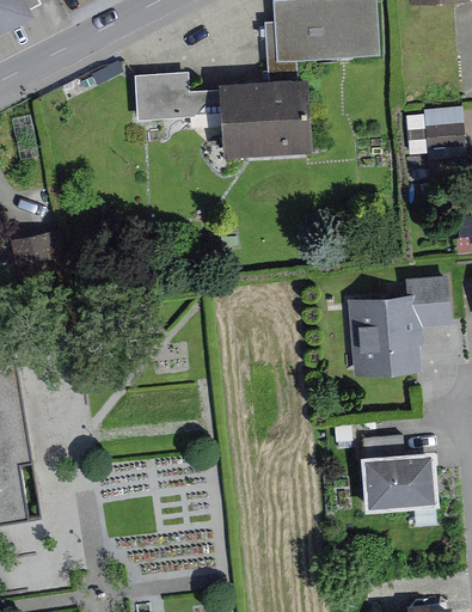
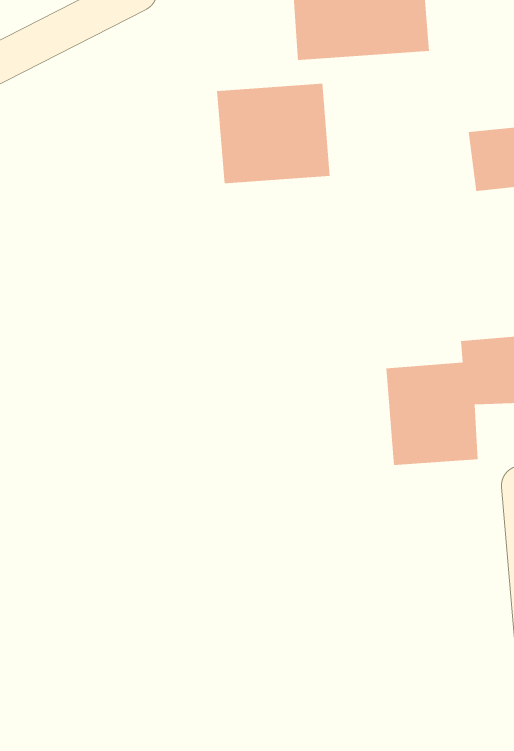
building: [130,60,200,110] -> none
building: [360,451,439,514] -> none

